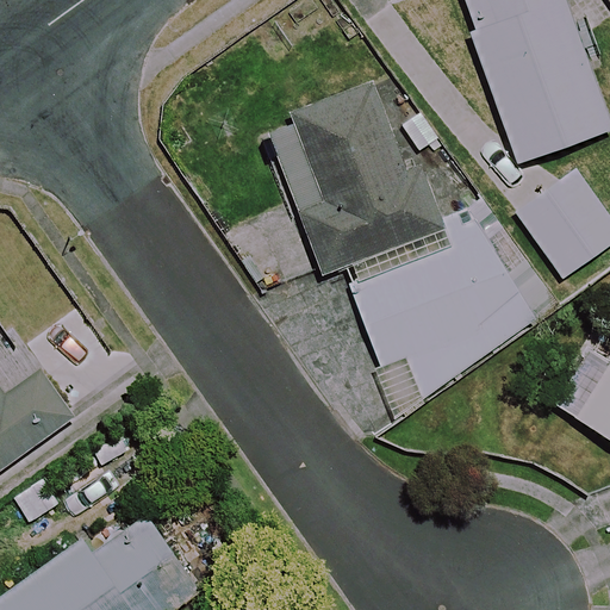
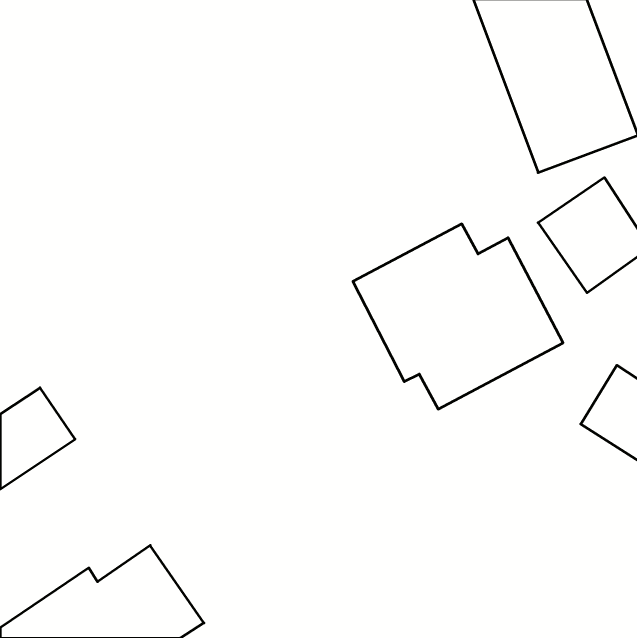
building: [287,58,442,274] -> none

